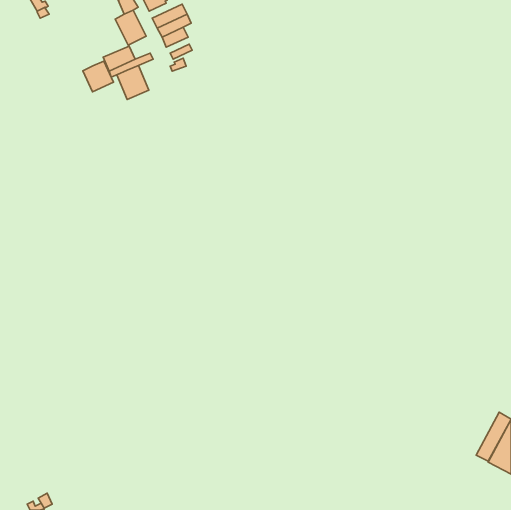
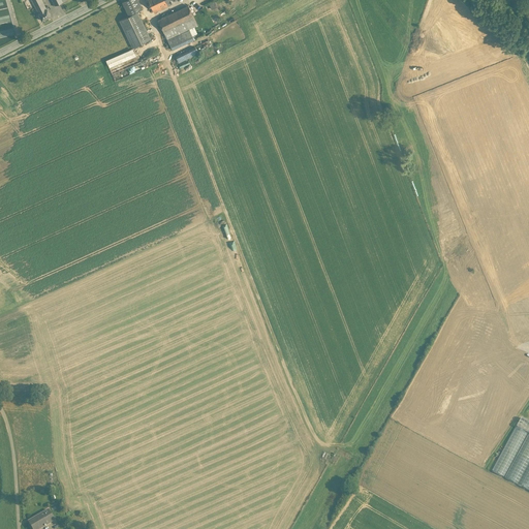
building: [83,61,113,92] -> none
building: [117,66,149,99] -> none

